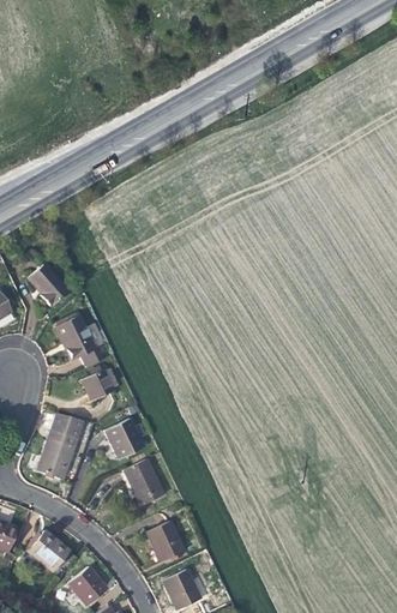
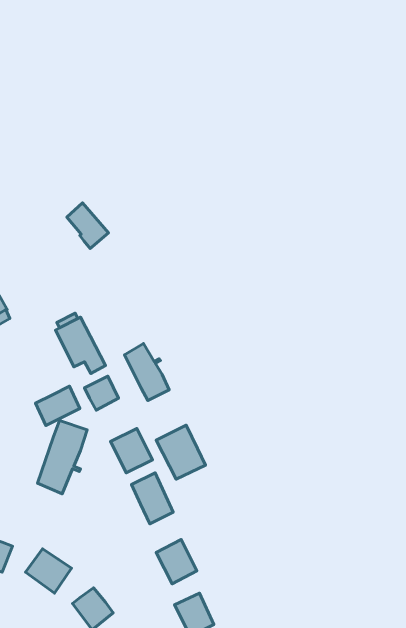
building: [29,263,67,305] -> [67,203,109,249]
building: none -> [125,344,169,400]
building: none -> [35,386,80,426]
building: none -> [156,425,205,479]

